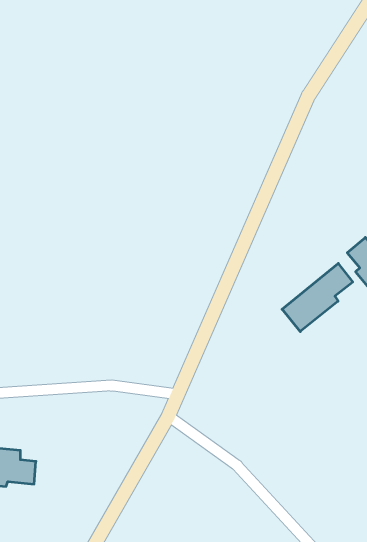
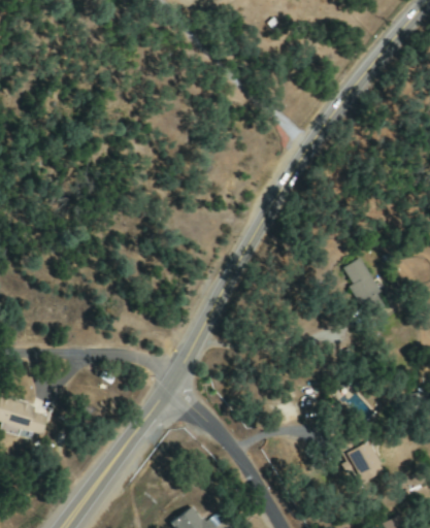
building: [282,263,353,332] -> none

